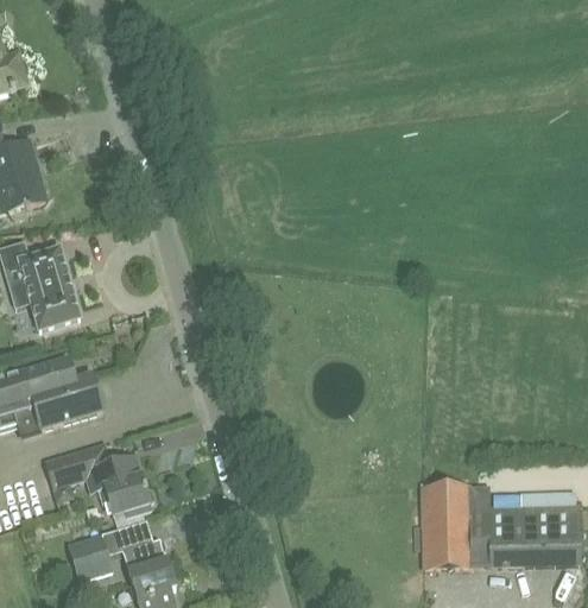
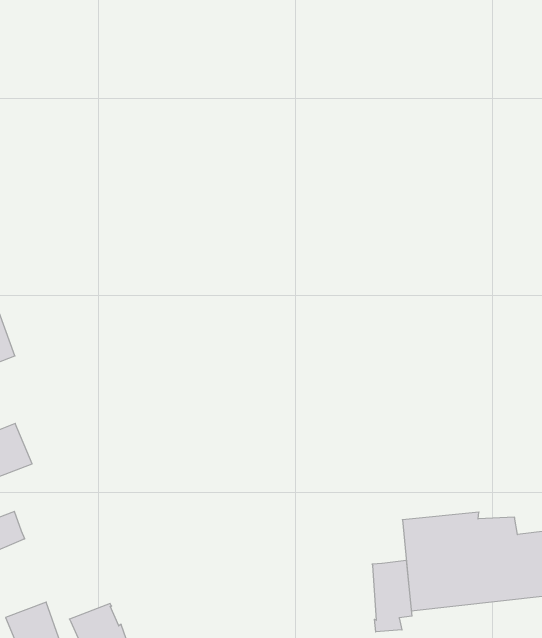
building: [87,455,153,517] -> none
building: none -> [372,560,412,632]

